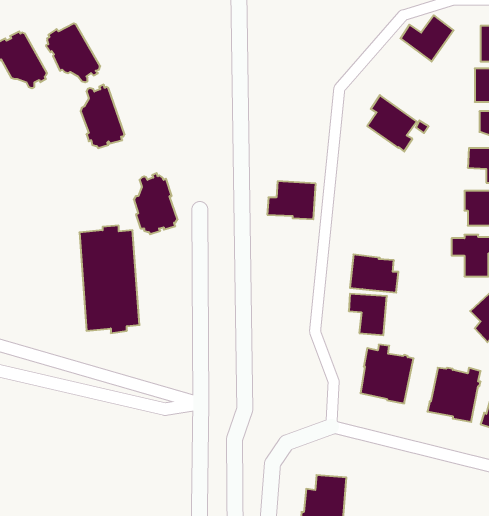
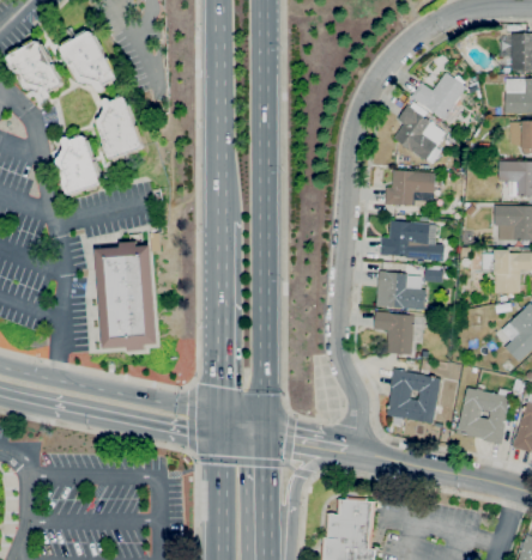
building: [400,15,454,62] -> [410,72,465,120]
building: none -> [383,170,434,207]
building: [134,173,178,234] -> [55,133,101,196]
building: [267,181,316,219] -> [379,220,429,260]

